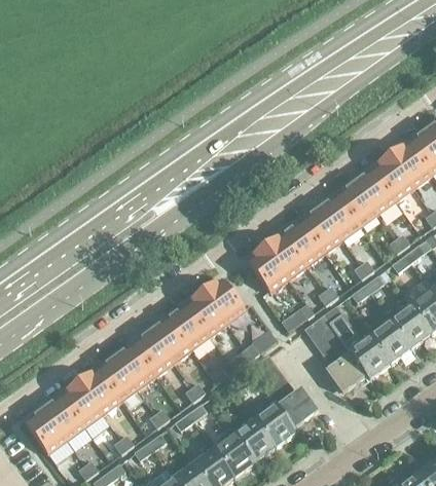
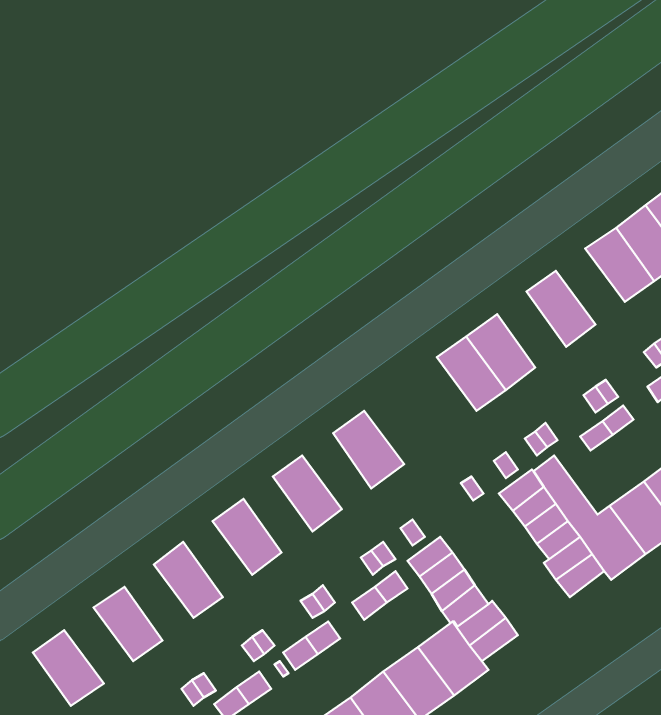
building: [336,181,377,226] -> none
building: [301,207,342,252] -> none
building: [247,246,289,292] -> none
building: [185,291,226,336] -> none
building: [150,316,191,362] -> none
building: [114,343,155,388] -> none
building: [79,369,120,414] -> none
building: [43,395,84,440] -> none

